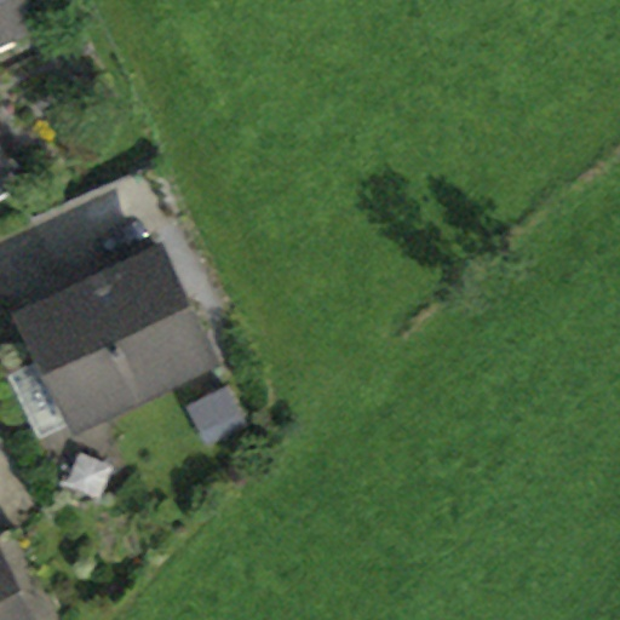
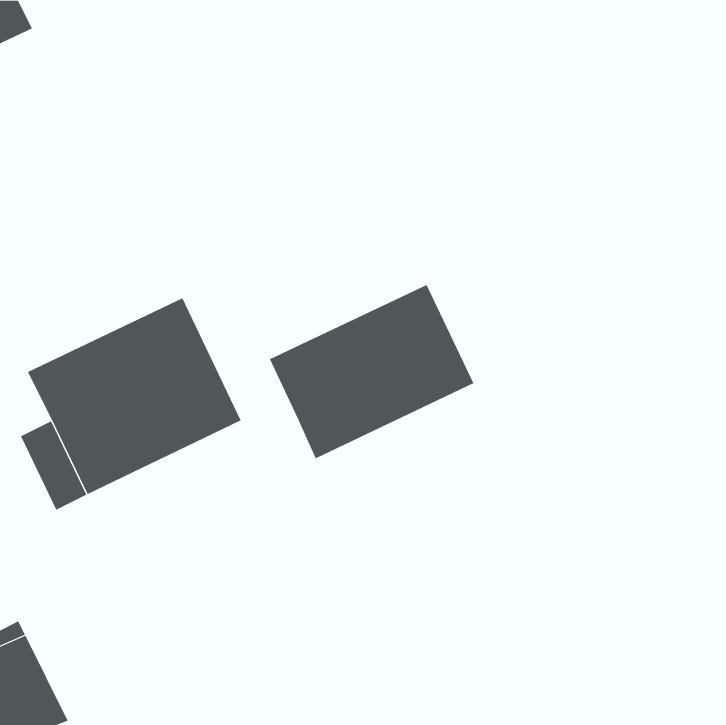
building: none -> [269,284,474,459]

